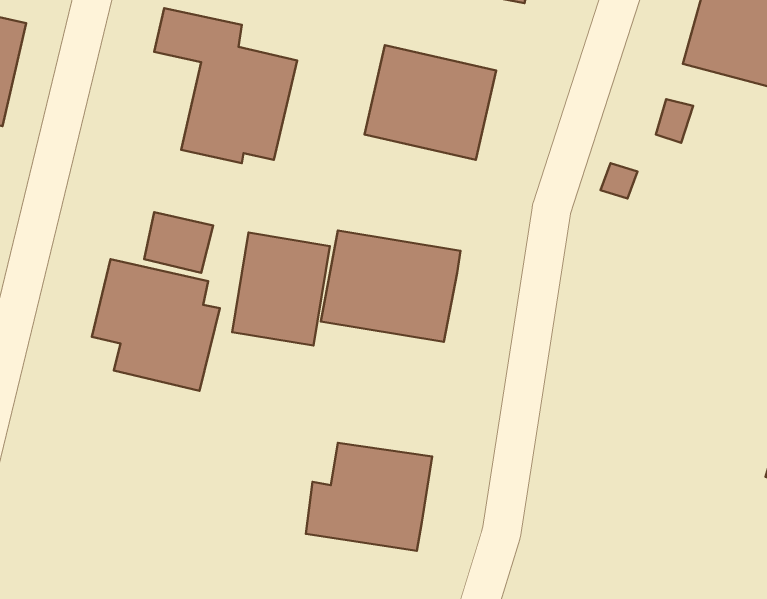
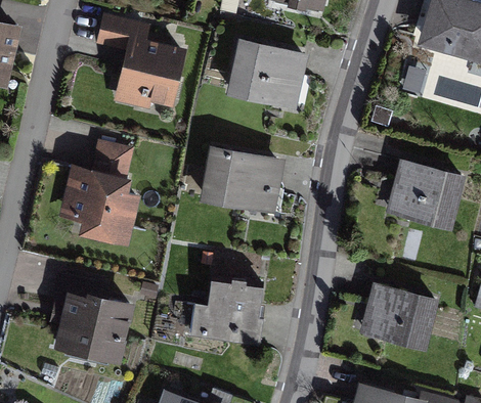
building: [232,233,330,346] -> none
building: none -> [386,159,465,226]
building: none -> [50,271,133,364]
building: none -> [360,286,438,352]

